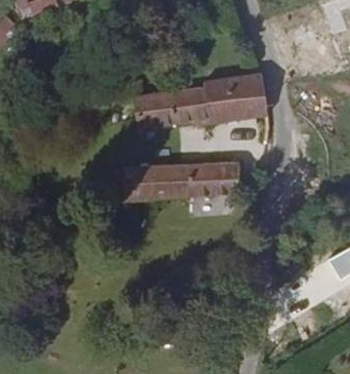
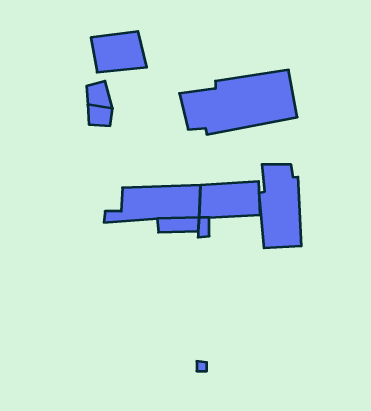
building: [133,91,179,125] -> [91,31,147,72]
building: none -> [259,164,301,248]

